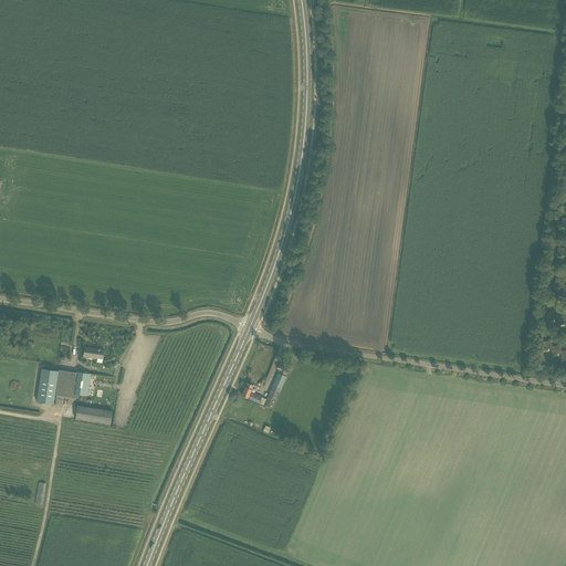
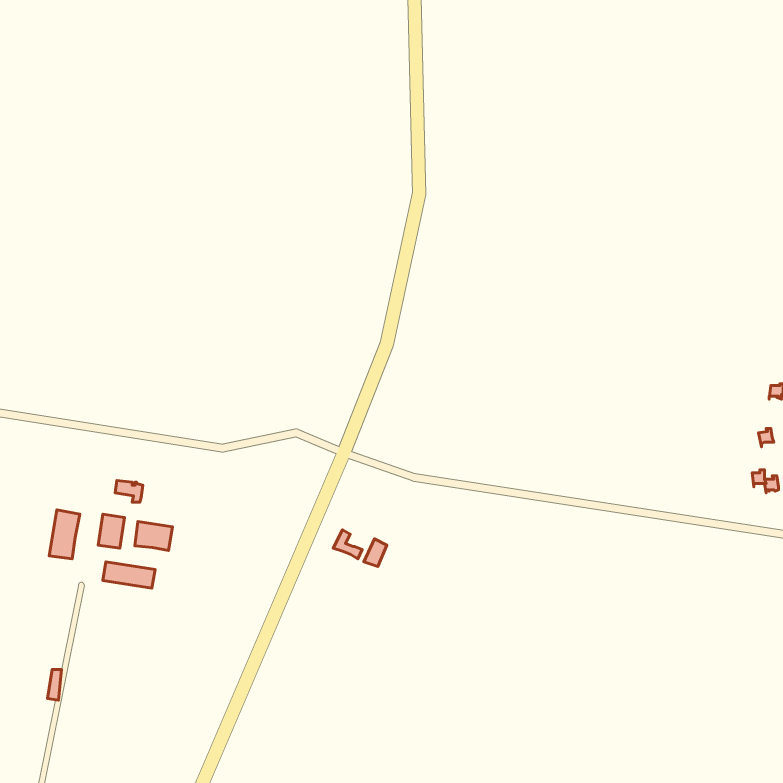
building: none -> [135,522,173,551]

